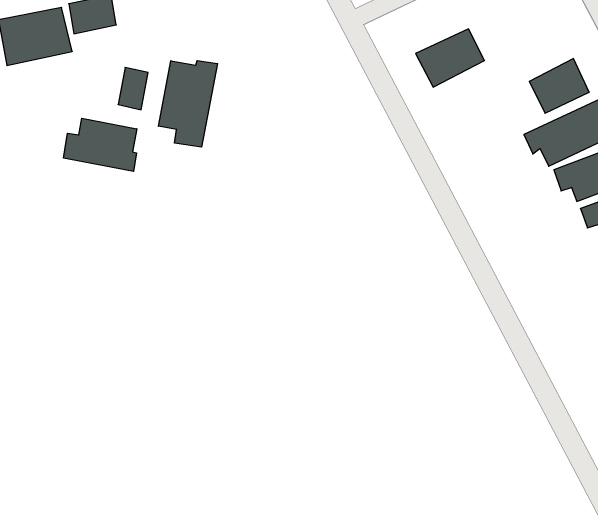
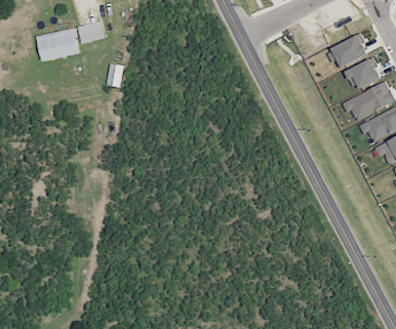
building: [416,29,484,87] -> [327,35,367,69]
building: [158,61,218,147] -> none
building: [64,118,137,171] -> none

